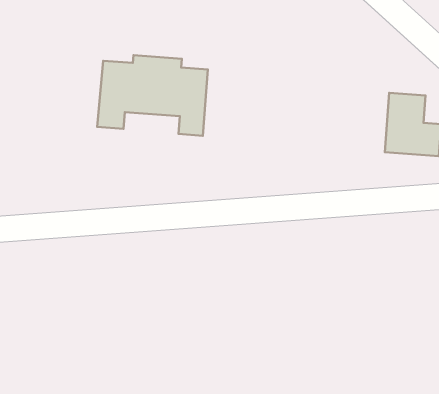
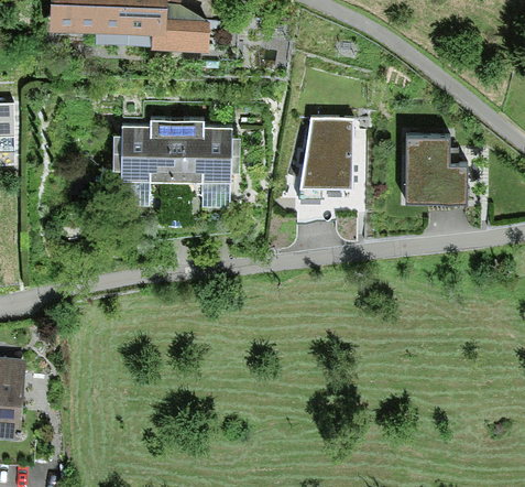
building: none -> [304,121,350,187]

